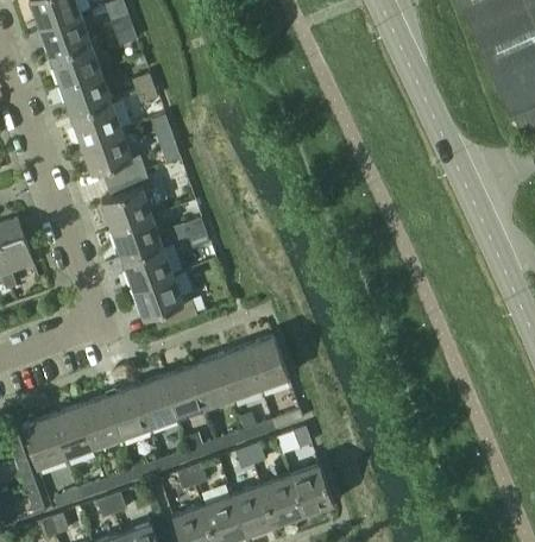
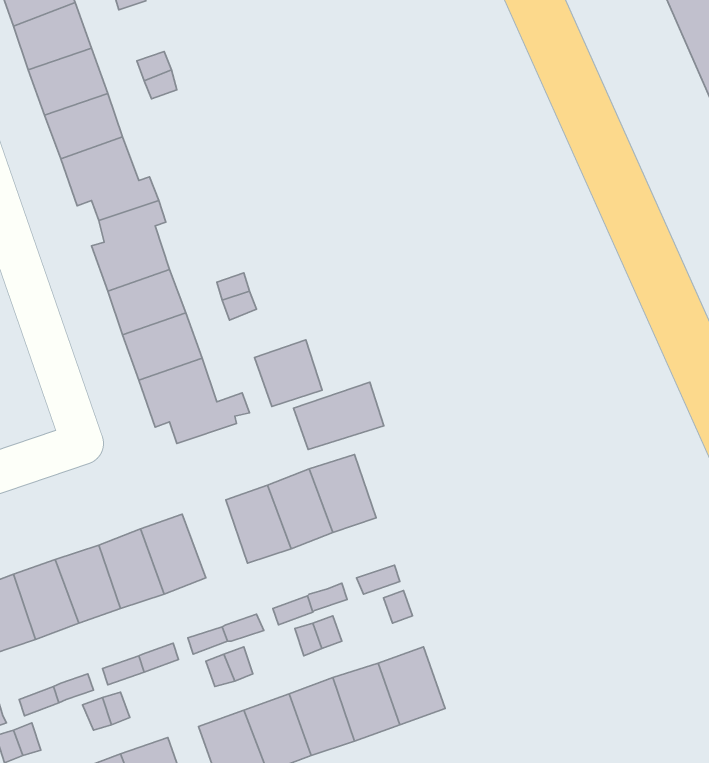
building: none -> [254,340,322,407]
building: none -> [293,382,384,450]
building: [160,367,203,418] -> none

